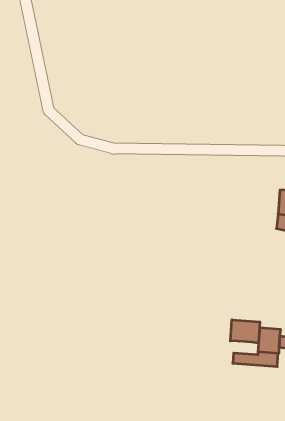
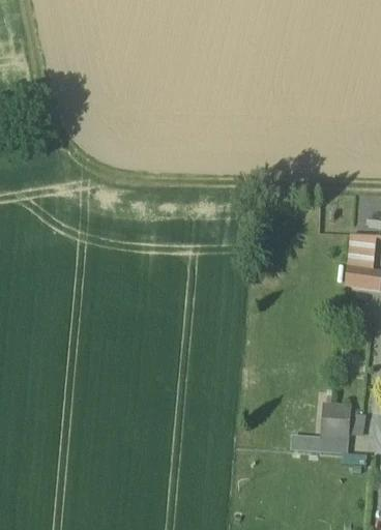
building: [230,320,260,343] -> none

